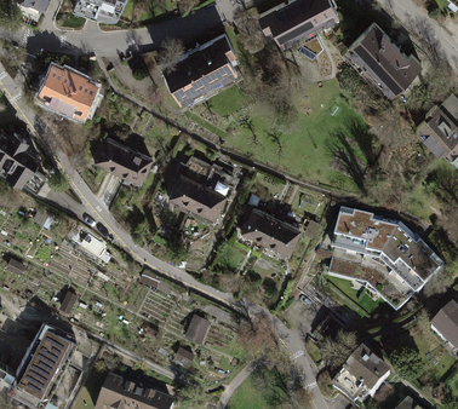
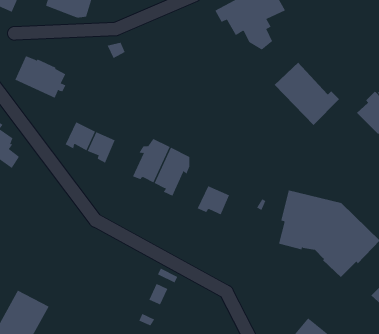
building: [348,21,420,91] -> [274,62,340,126]
building: [162,31,236,104] -> none
building: [267,217,299,253] -> none

